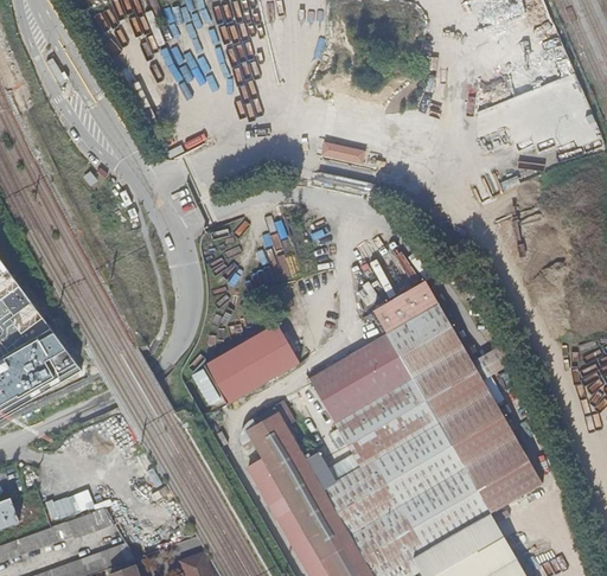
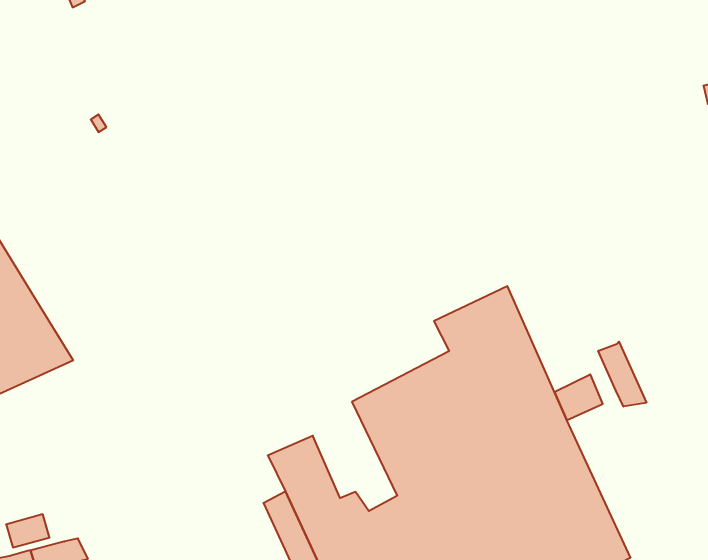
building: none -> [598,342,646,407]
building: [200,324,296,404] -> none

